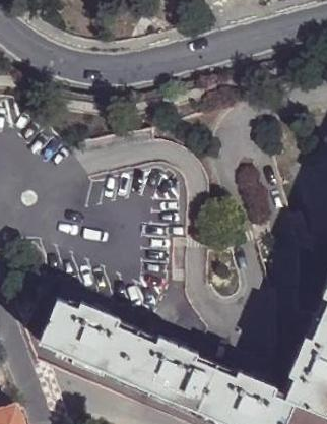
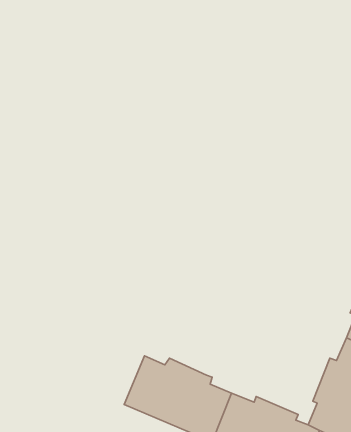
building: [40,300,138,378] -> none

